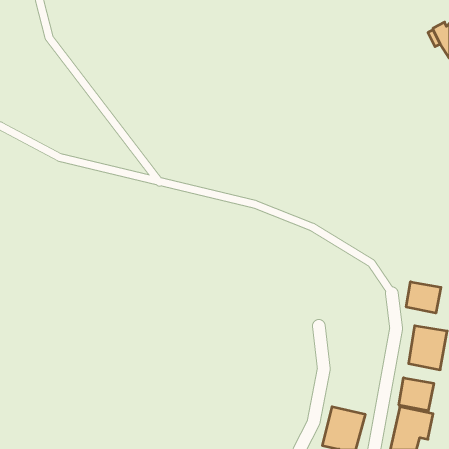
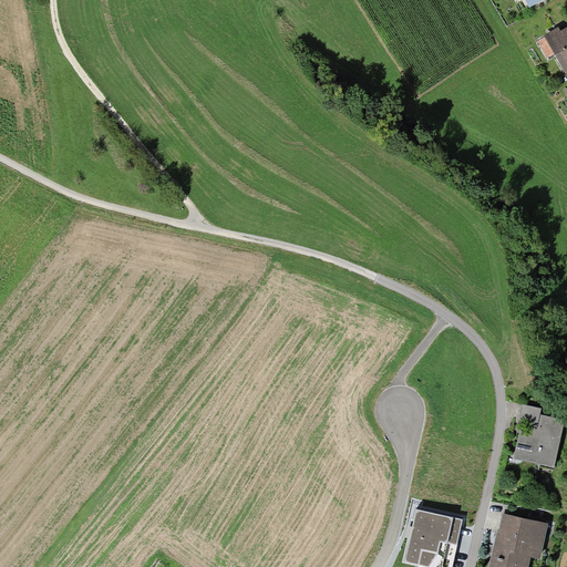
building: [406,282,441,313] -> none
building: [399,378,434,411] -> none

